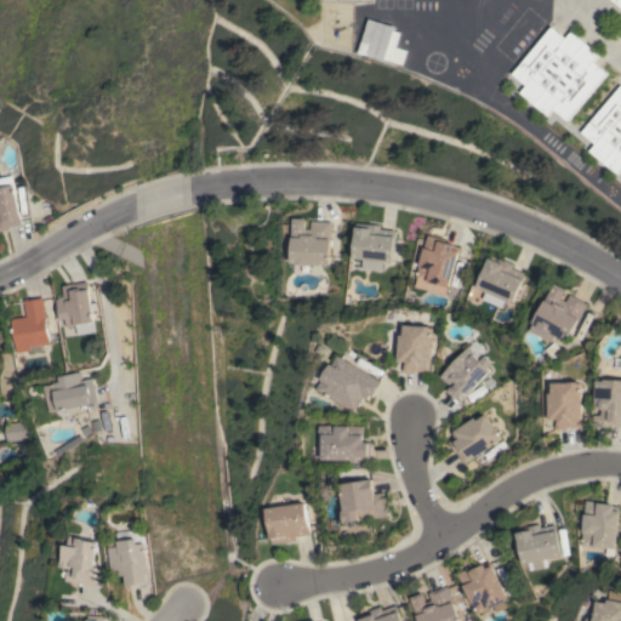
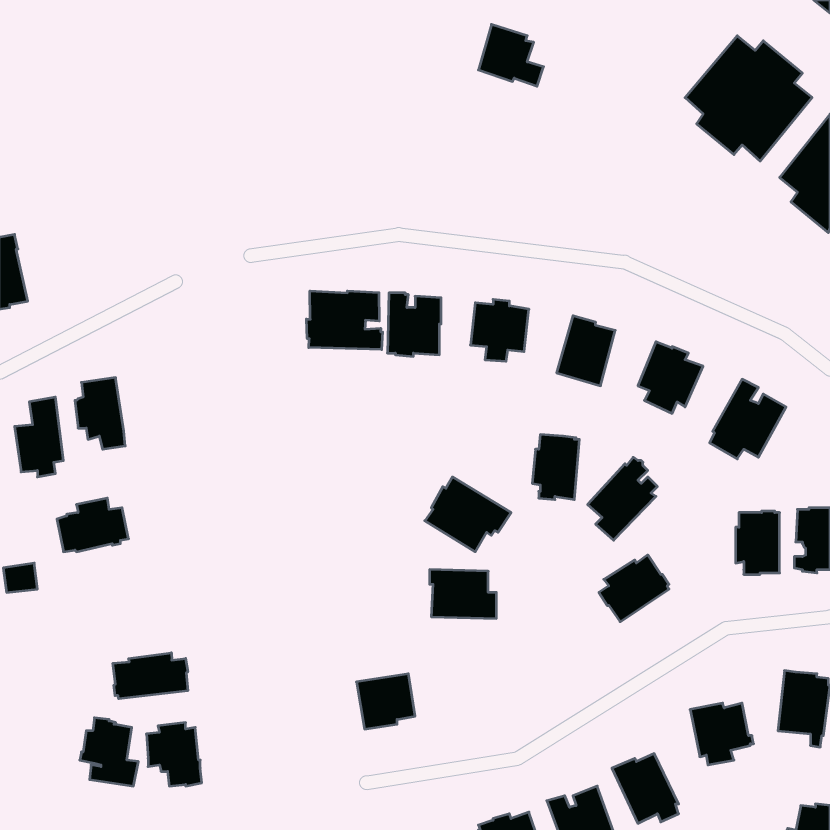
building: none -> [306,291,383,350]
building: [338,480,387,528] -> none
building: none -> [113,653,188,699]

